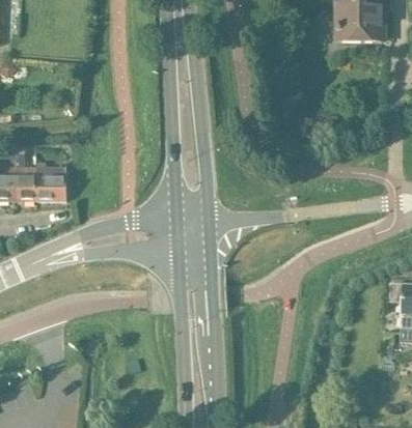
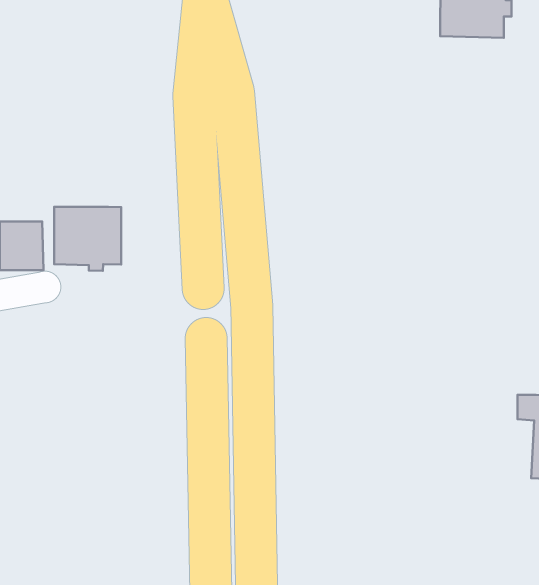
building: none -> [54,207,121,271]

